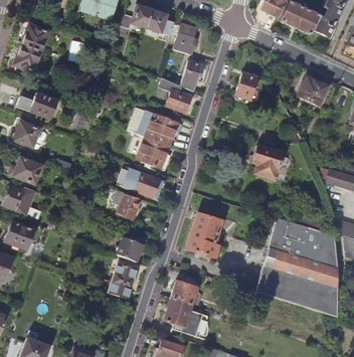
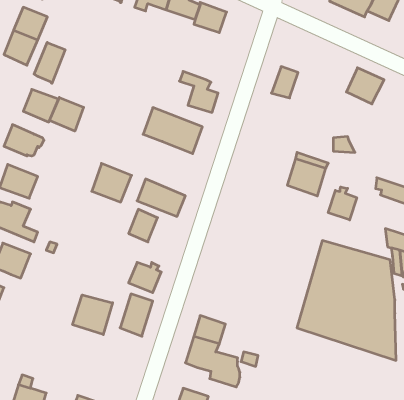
building: none -> [34,42,65,83]
building: [181,59,202,91] -> none
building: none -> [49,97,84,131]
building: [137,136,170,168] -> [92,163,132,202]
building: none -> [328,187,357,220]
building: [186,214,221,257] -> none
building: none -> [73,295,113,335]

